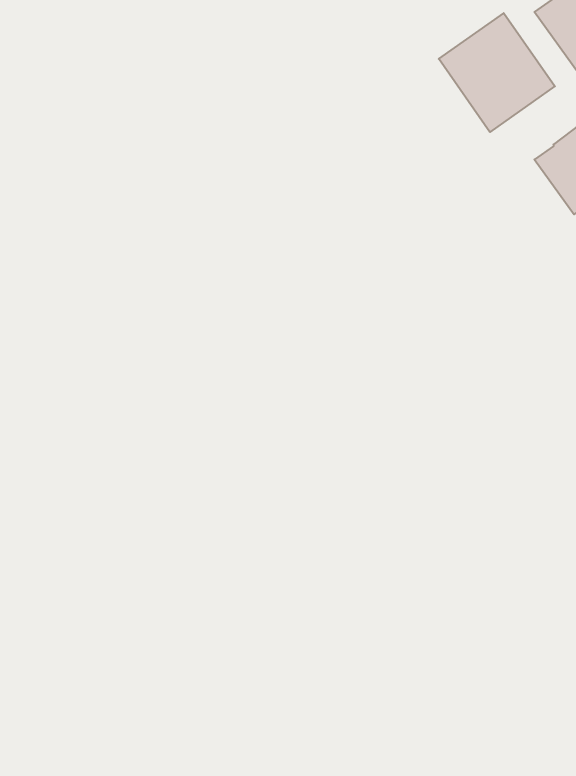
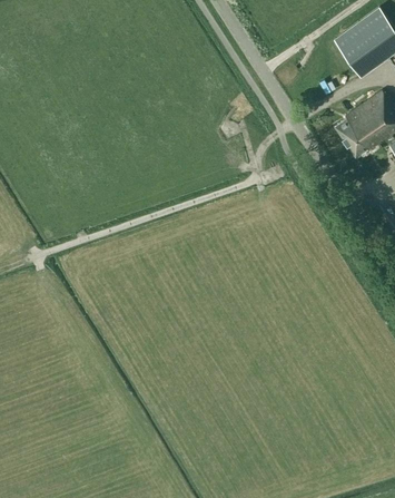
building: [439,13,555,132] -> none

